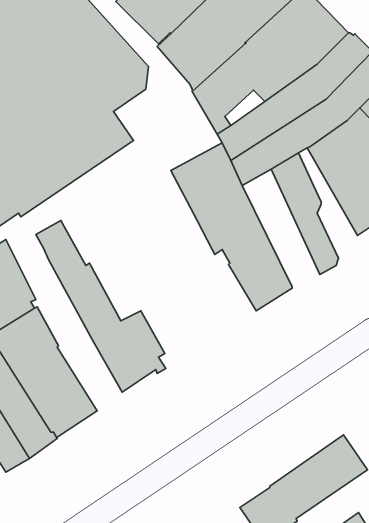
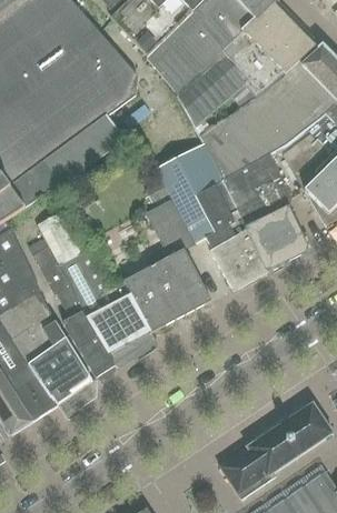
building: none -> [221,165,290,270]
building: none -> [126,211,212,331]
building: none -> [33,245,116,376]

